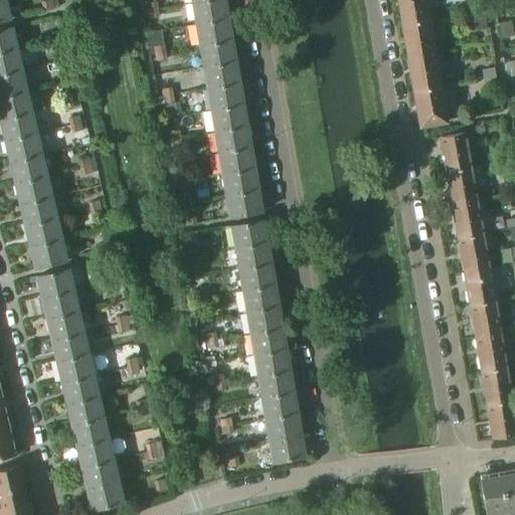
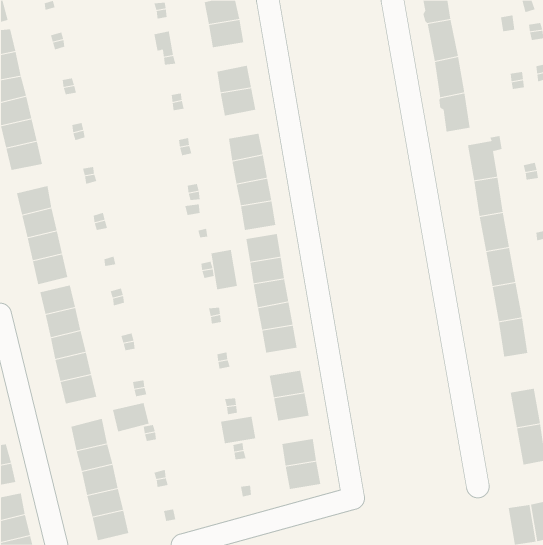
building: [202,40,235,67] -> none
building: [213,104,246,131] -> none
building: [12,155,47,182] -> none
building: none -> [211,249,237,290]
building: [252,328,286,354] -> none
building: [477,333,506,370] -> none
building: [63,374,99,402] -> [112,402,150,432]
building: [264,392,298,418] -> [220,416,256,444]

